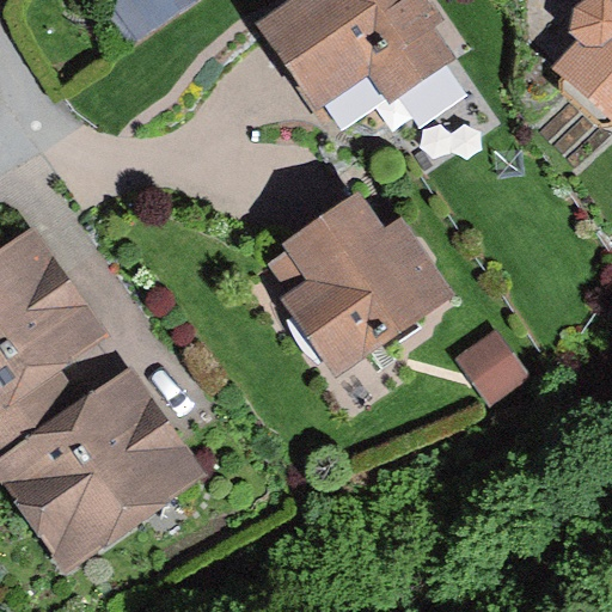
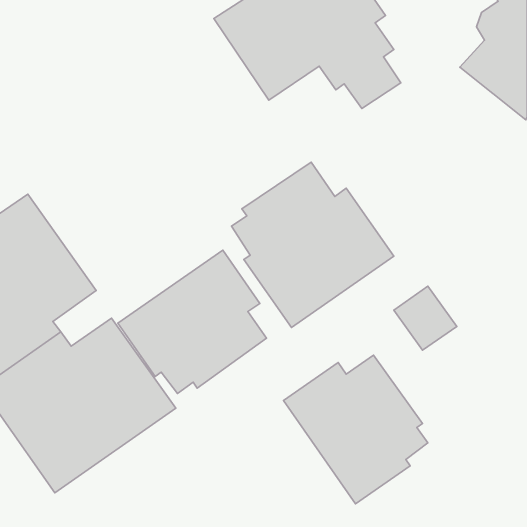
building: none -> [118,250,267,393]
building: none -> [283,355,428,504]

